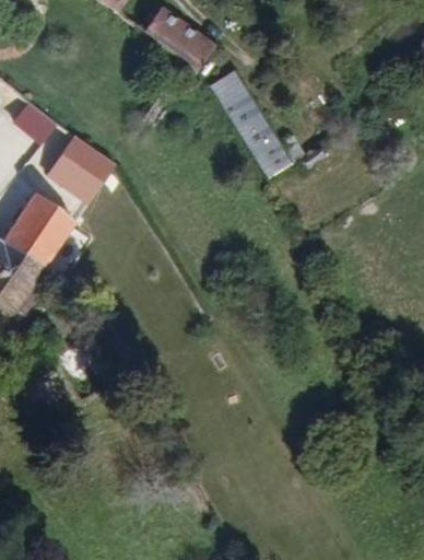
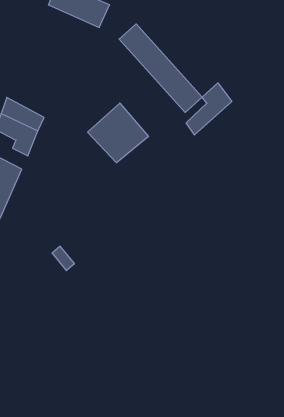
building: none -> [186,83,232,135]
building: none -> [88,103,148,163]

